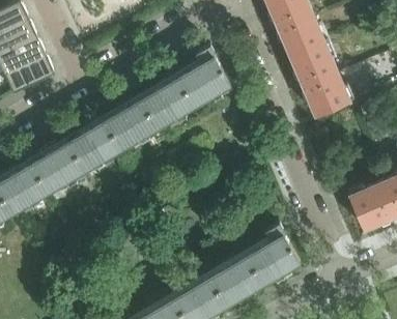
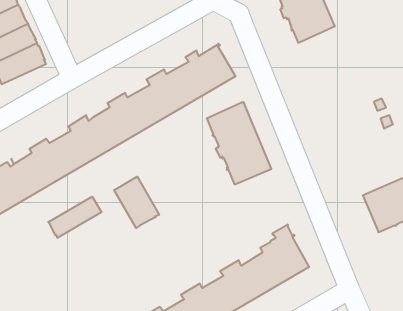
building: [289,39,349,116] -> [207,102,271,184]
building: none -> [114,177,159,228]
building: none -> [48,197,101,238]

